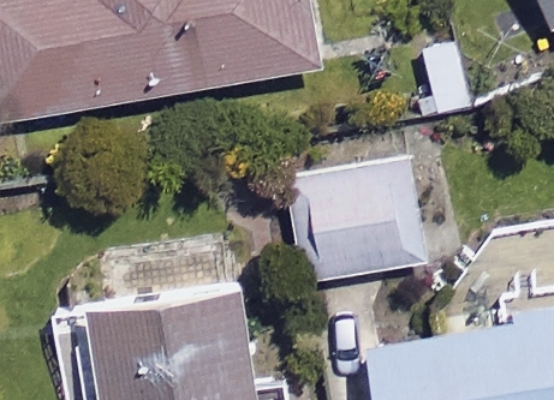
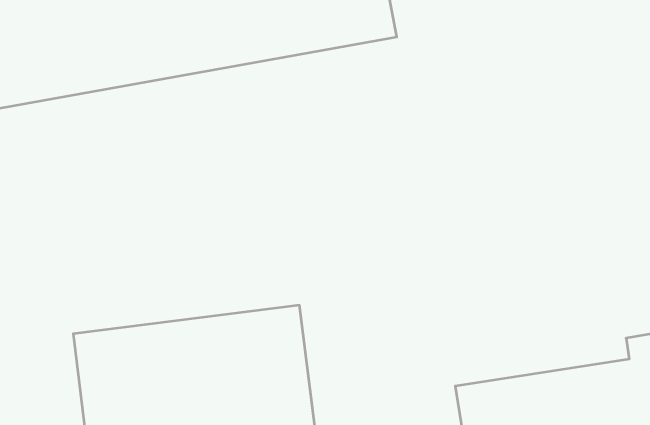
building: [287,161,429,285] -> none

